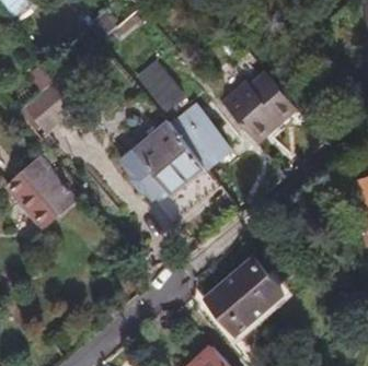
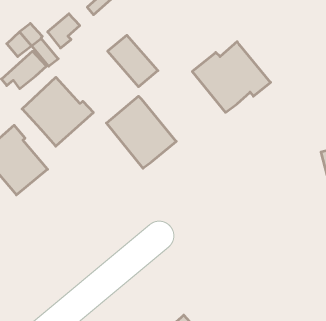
building: none -> [22,77,93,146]
building: [170,110,229,172] -> none
building: [209,258,286,332] -> none

